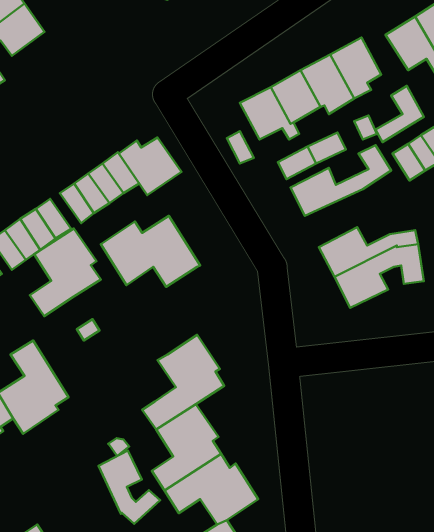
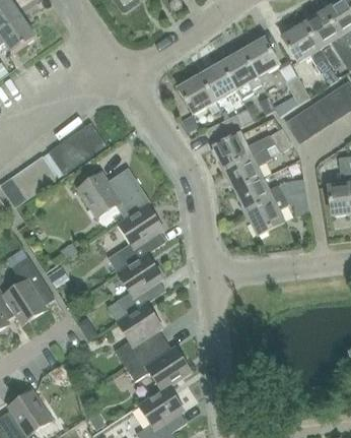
building: [119,137,181,195] -> none
building: none -> [223,135,291,190]
building: [30,229,101,316] -> [115,204,165,267]
building: [99,451,160,524] -> none

